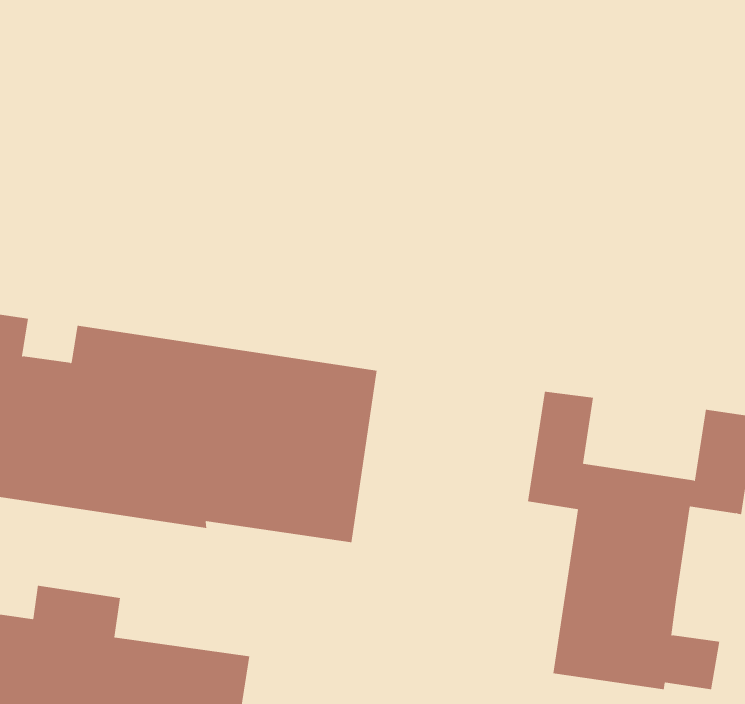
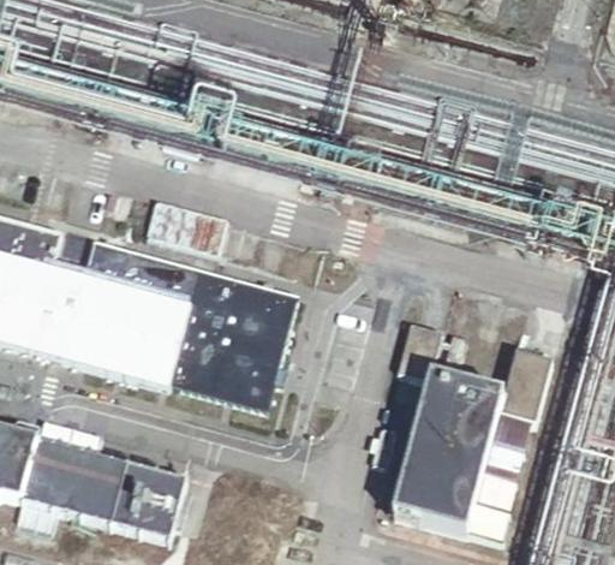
building: none -> [482,415,530,486]

